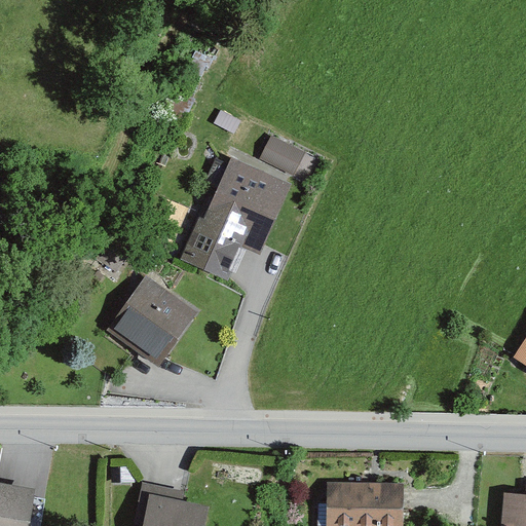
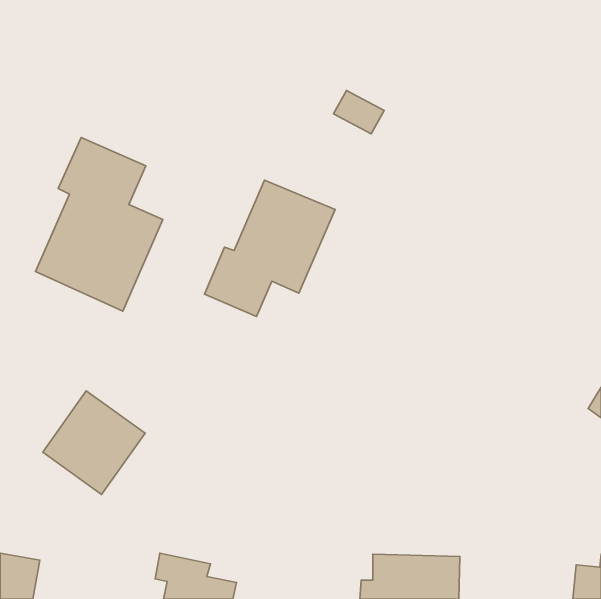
building: none -> [36,137,163,311]
building: [260,137,304,175] -> [334,90,384,134]
building: [107,278,196,369] -> [43,391,145,494]

